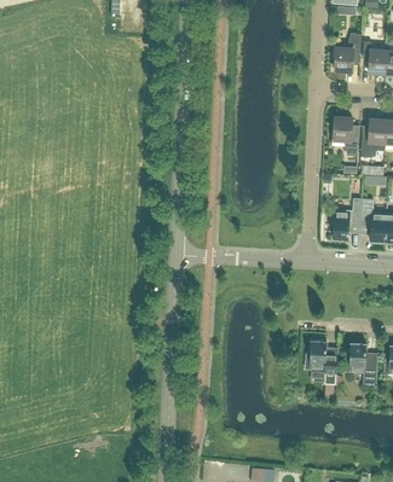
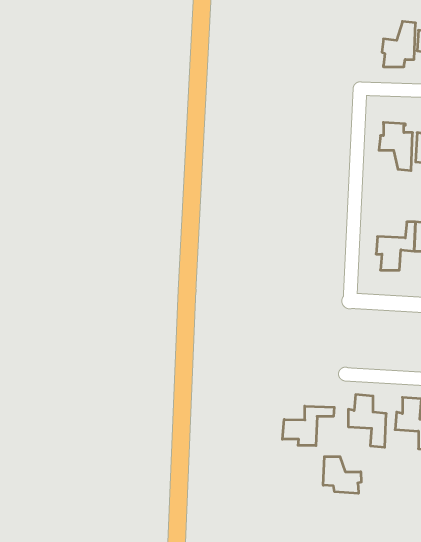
building: none -> [282,406,334,446]
building: none -> [323,457,361,493]

